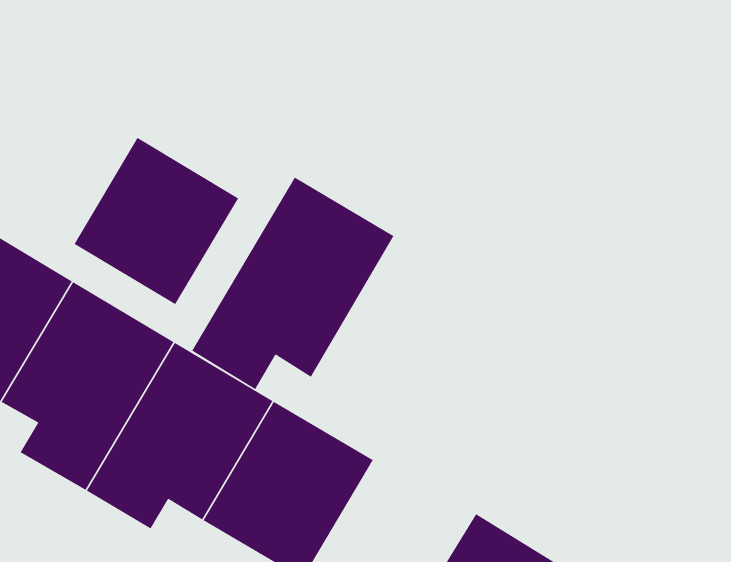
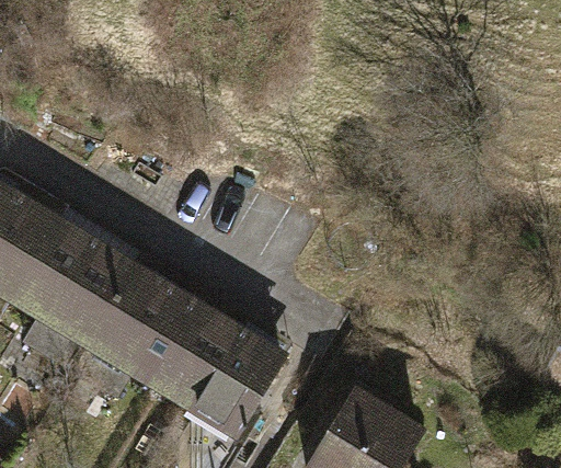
building: [73,137,239,305] -> none
building: [191,176,395,390] -> none

